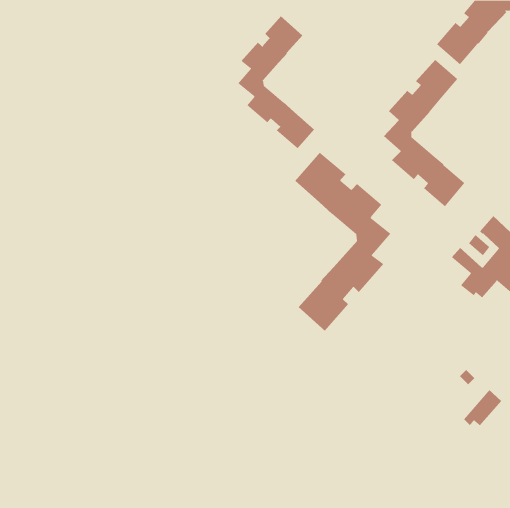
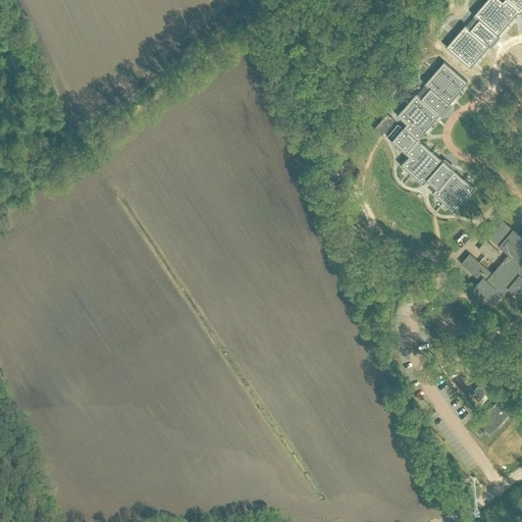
building: [238,15,315,149] -> none
building: [295,152,391,332] -> none

